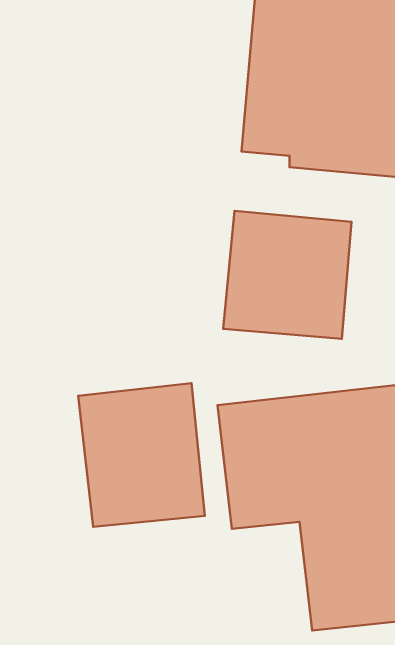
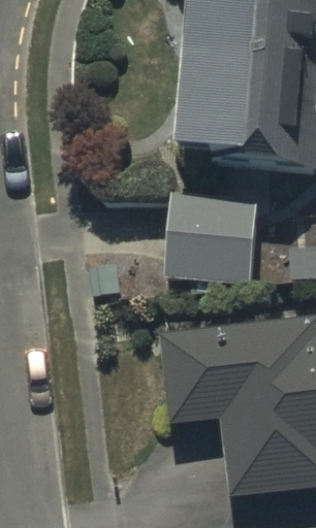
building: [78,383,205,527] -> none

